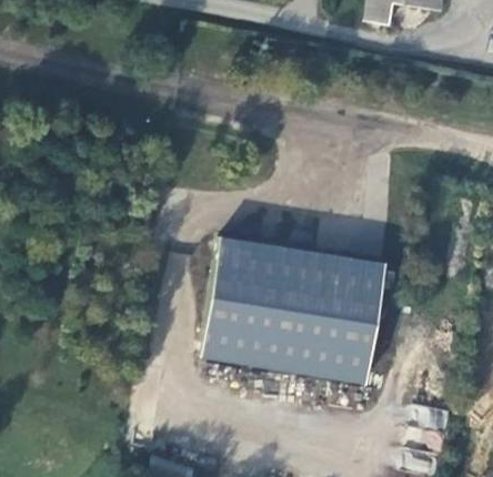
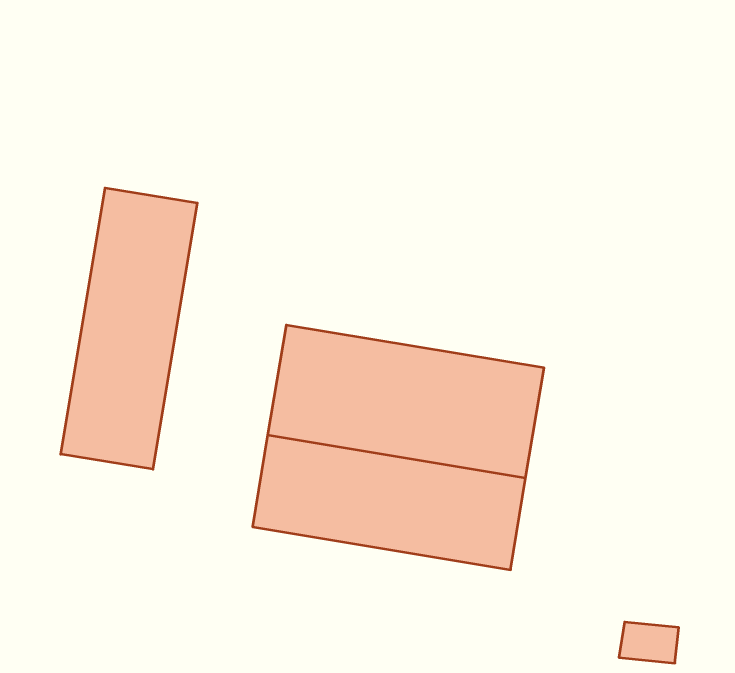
building: none -> [61,188,197,469]

